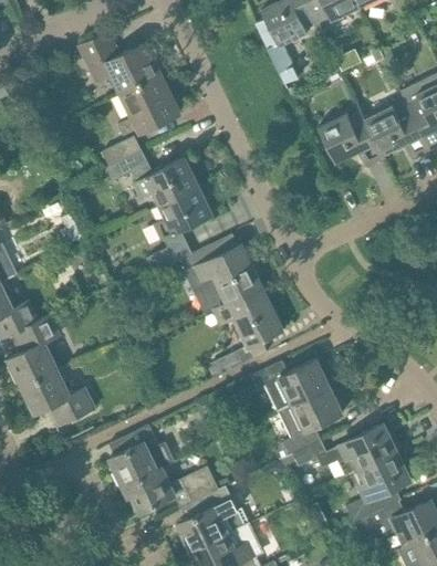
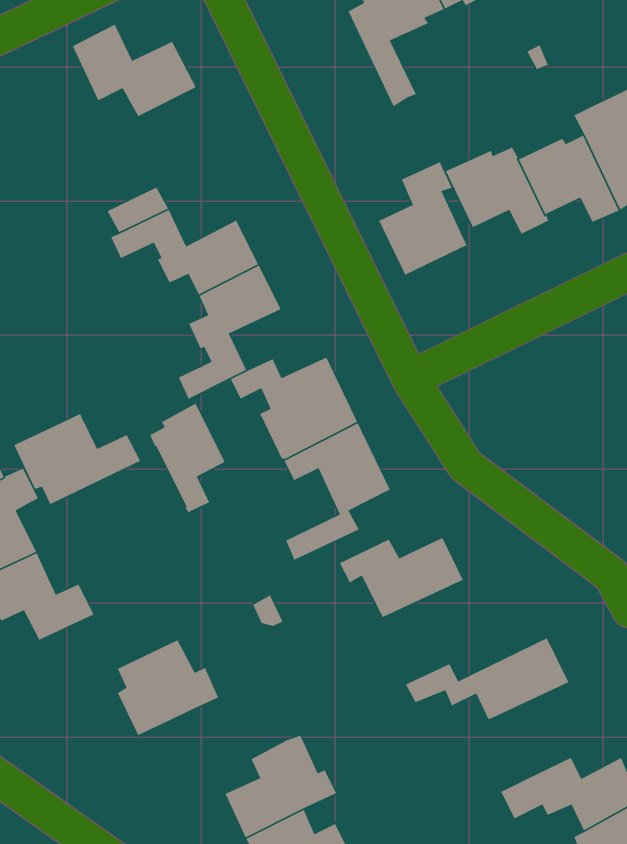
building: [117,73,179,136] -> none
building: none -> [378,161,468,276]
building: none -> [149,402,226,513]
building: none -> [12,413,141,505]
building: [278,387,343,454] -> none
building: [346,452,410,522] -> none
building: [122,467,217,512] -> none

